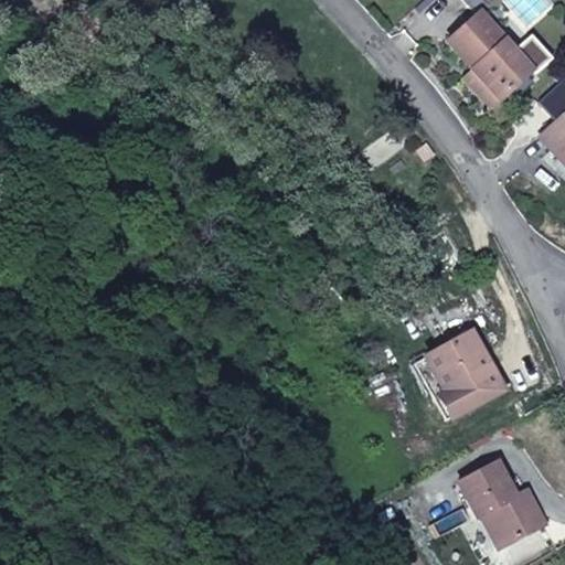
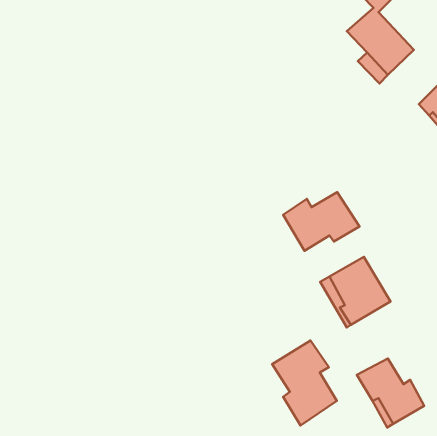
building: none -> [283,192,359,251]
building: none -> [272,341,337,425]

